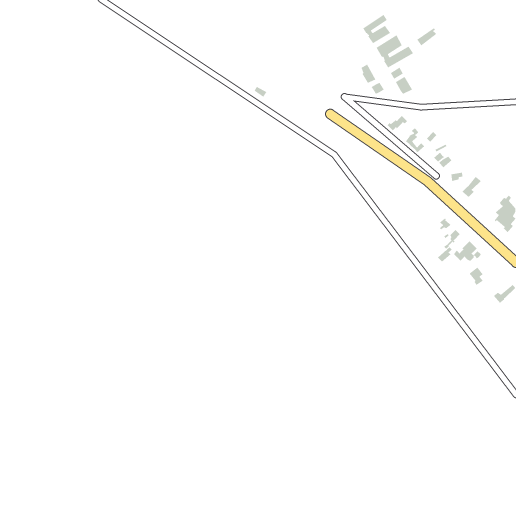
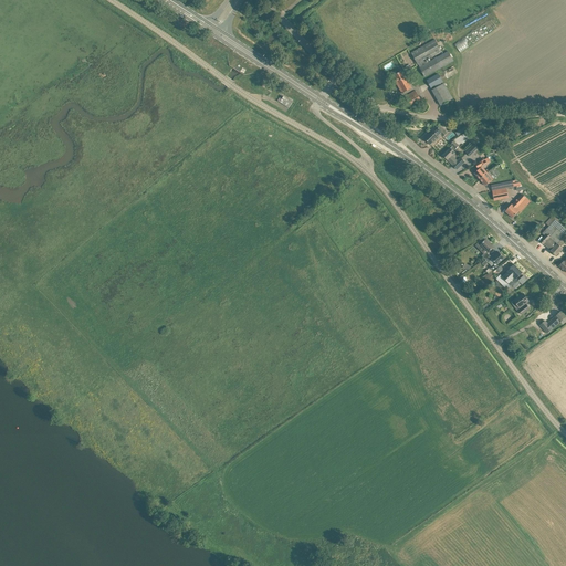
building: [362,14,391,44] -> none

